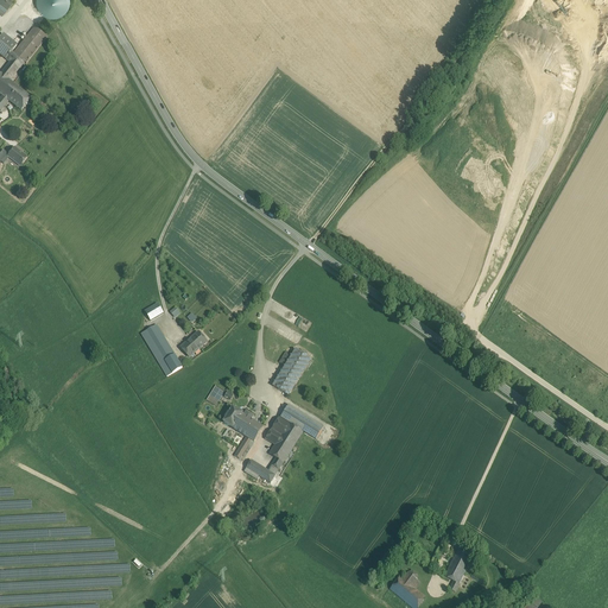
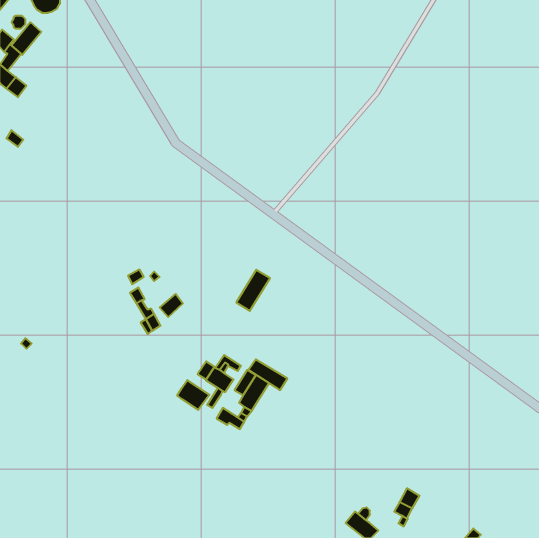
building: [272,348,310,394] -> [236,270,270,311]
building: none -> [177,380,209,410]

